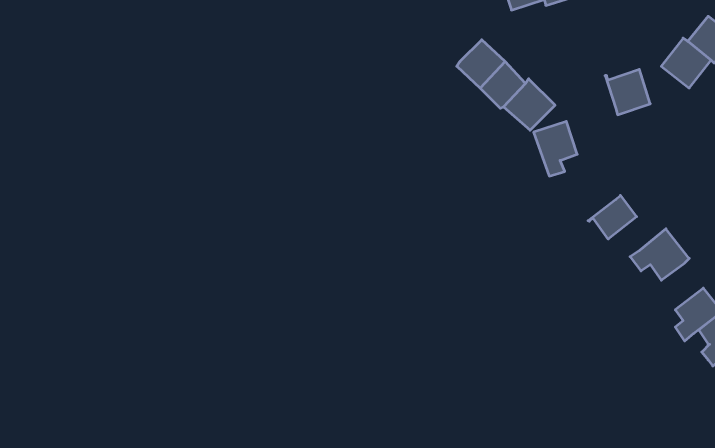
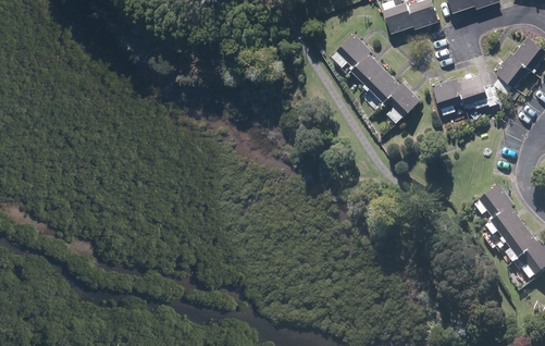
building: none -> [336,33,371,69]
building: [534,121,577,176] -> [432,78,462,116]
building: [588,195,637,239] -> none
building: none -> [491,209,523,242]

